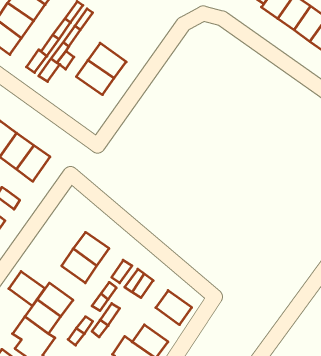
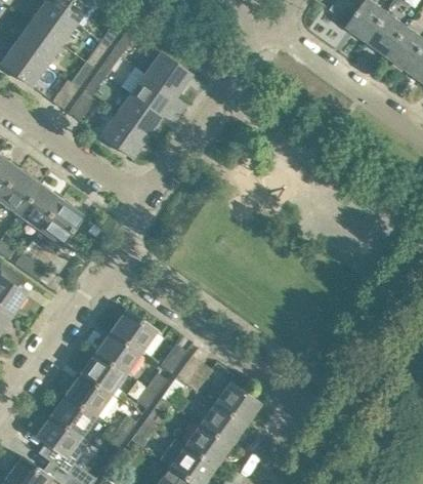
building: none -> [144,52,192,96]
building: none -> [99,115,147,159]
building: [9,271,45,306] -> [81,352,126,395]
building: none -> [200,404,244,447]

